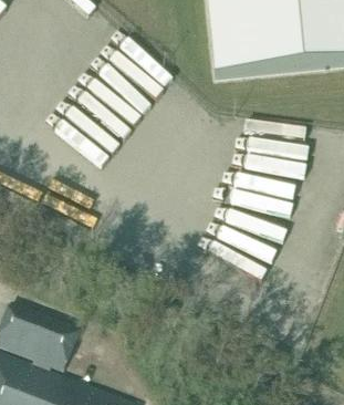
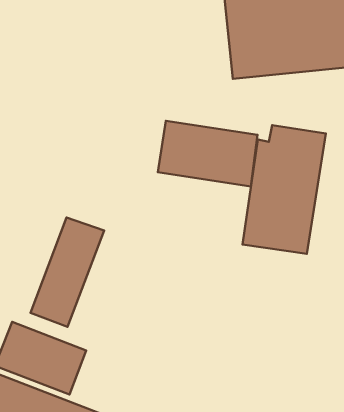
building: none -> [158,121,258,186]
building: none -> [31,217,104,327]

